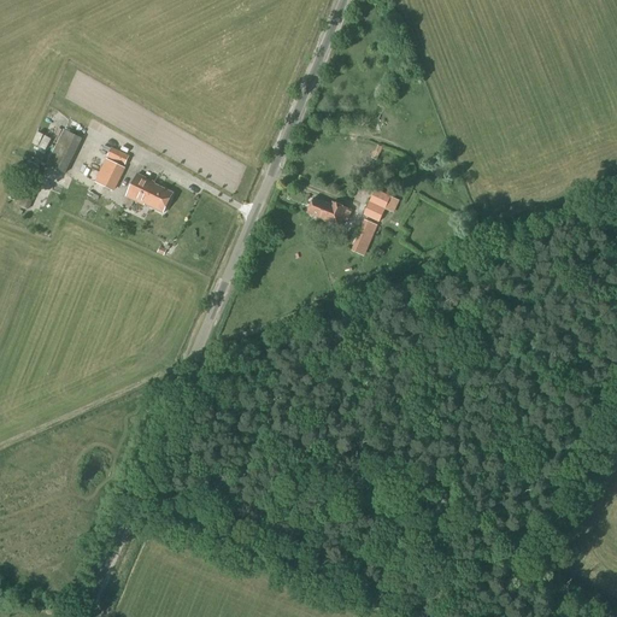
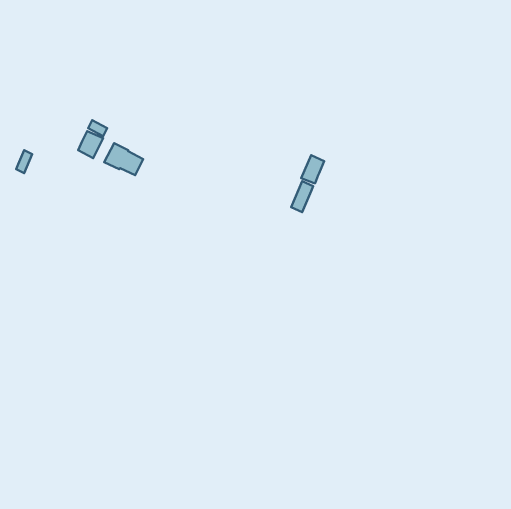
building: [46,128,83,172] -> none
building: [307,196,346,227] -> none

